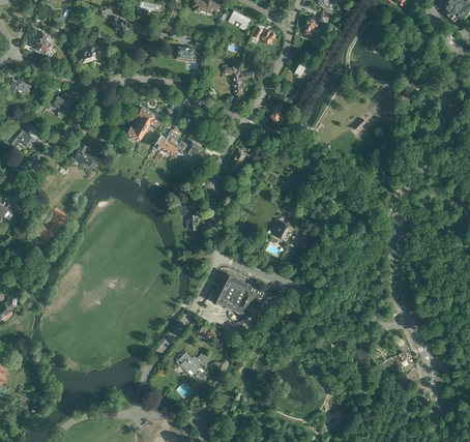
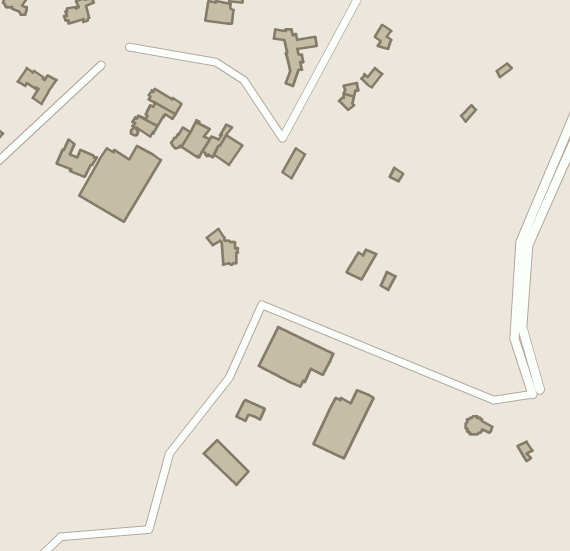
building: none -> [79,146,161,222]
building: none -> [314,390,373,458]

